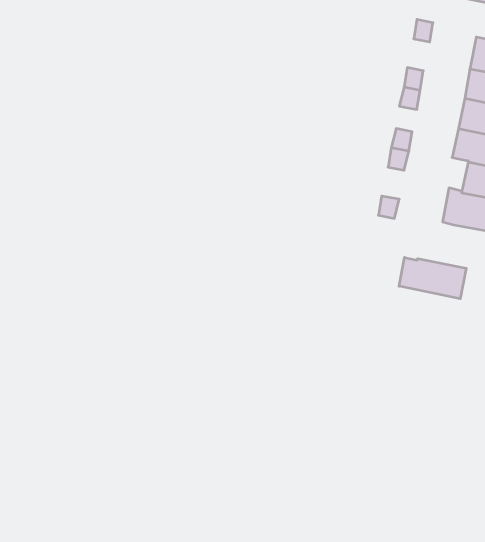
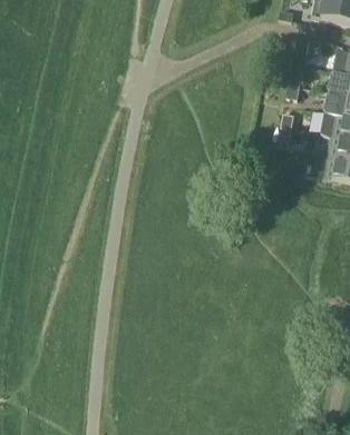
building: [399,257,466,299] -> none

